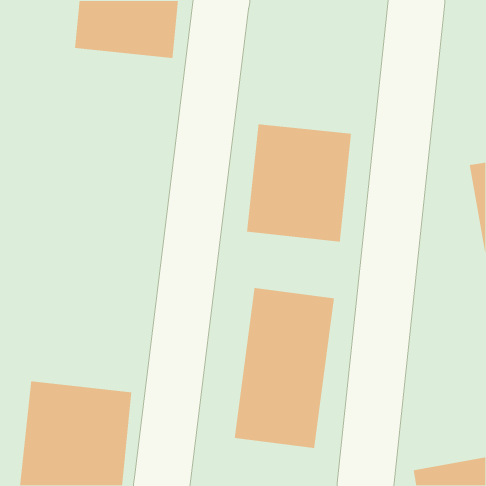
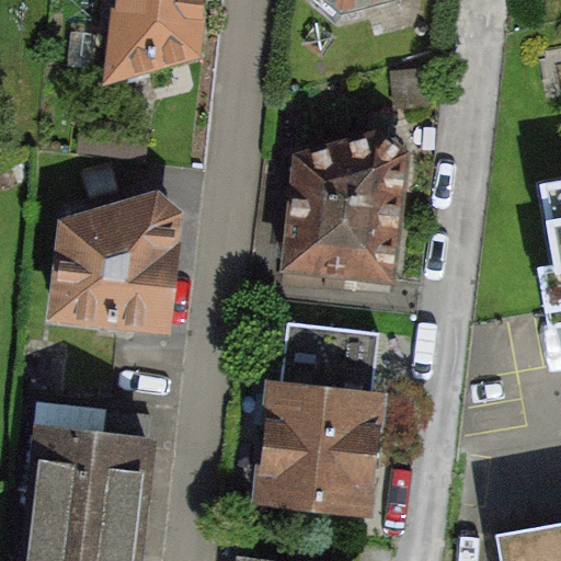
building: none -> [37,213,179,333]

